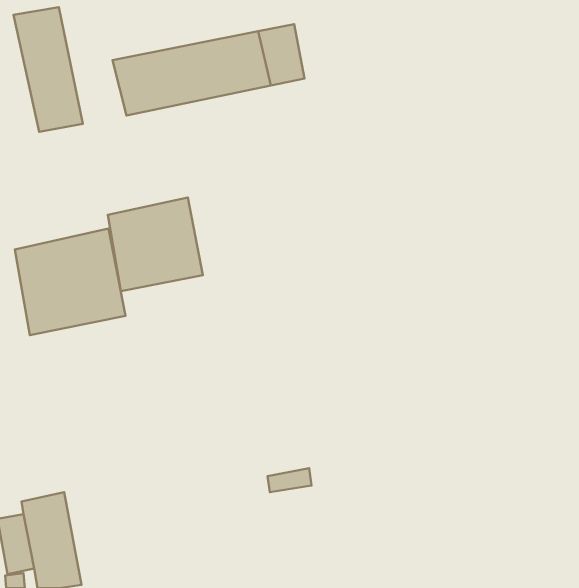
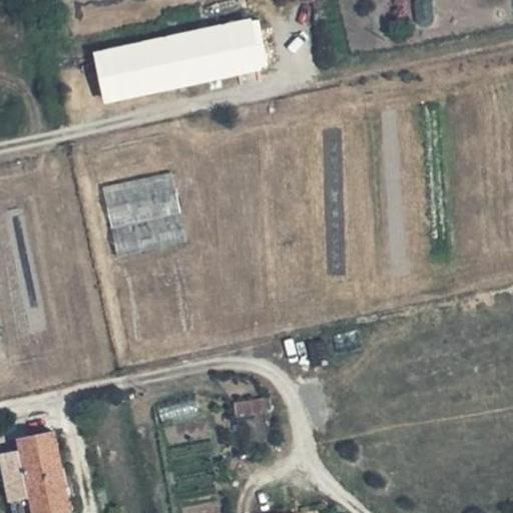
building: [14,7,83,132] -> none
building: [15,229,126,335] -> none

